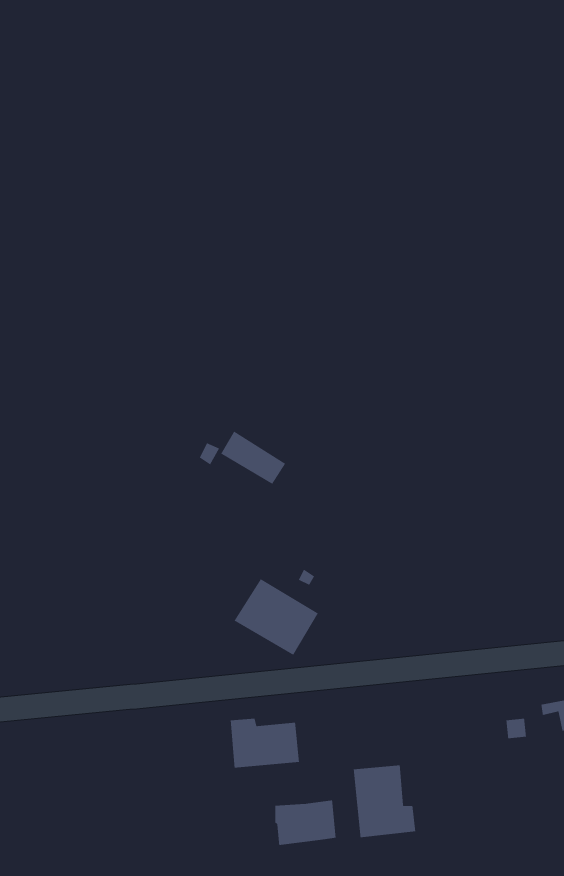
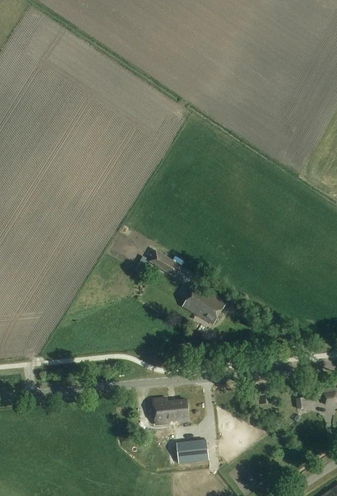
building: [233,578,319,656] -> [183,286,227,326]
building: [353,765,416,838] -> none

